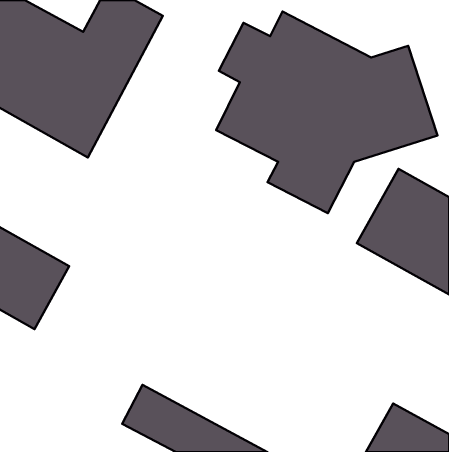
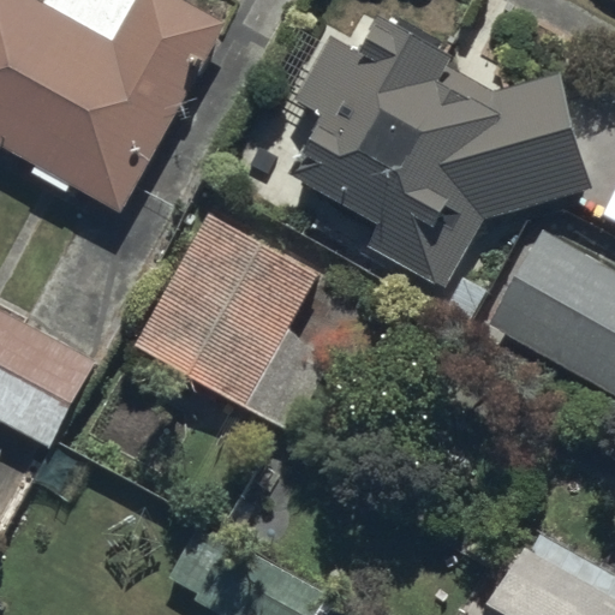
building: none -> [133,209,334,429]

